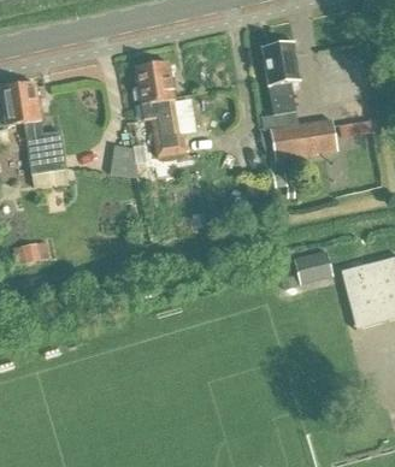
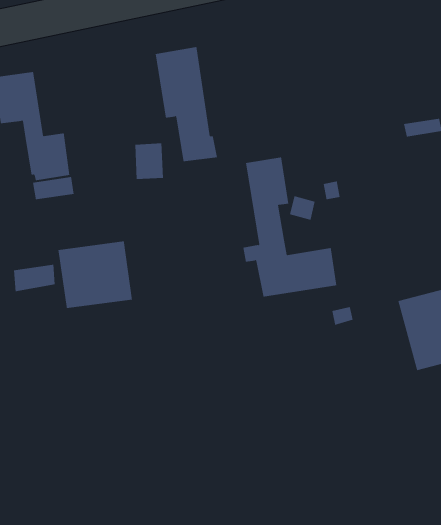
building: [260,42,338,158] -> [242,157,337,297]
building: none -> [58,241,133,309]
building: [294,252,332,285] -> none

